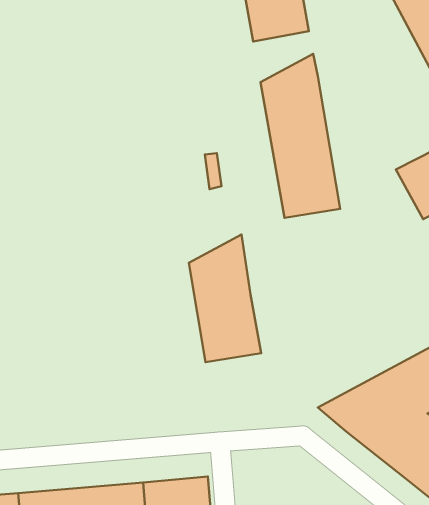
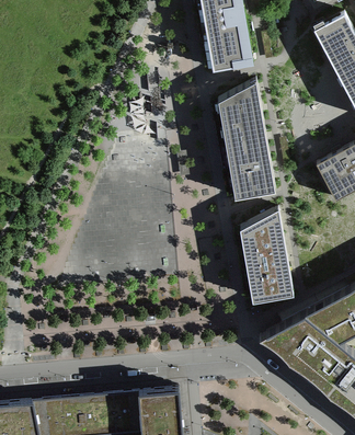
building: [189,234,261,362] -> [241,209,294,302]

